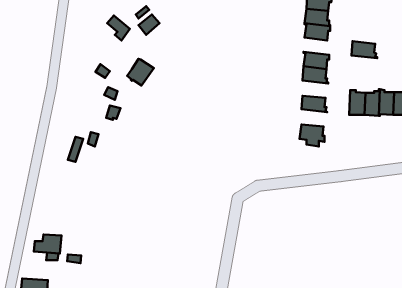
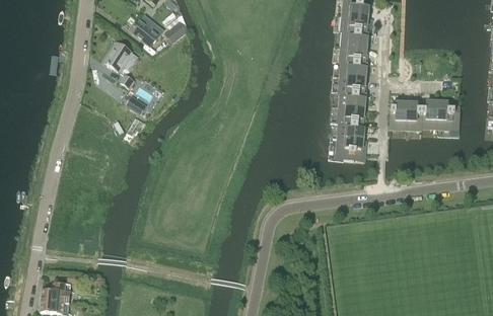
building: [351,41,377,58] -> [340,45,367,63]
building: [127,59,154,85] -> [102,42,131,70]
building: none -> [339,90,366,108]
building: none -> [337,121,365,139]
building: [34,234,62,254] -> [41,282,70,302]

